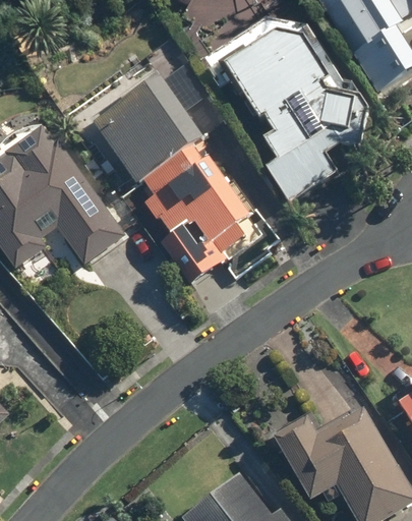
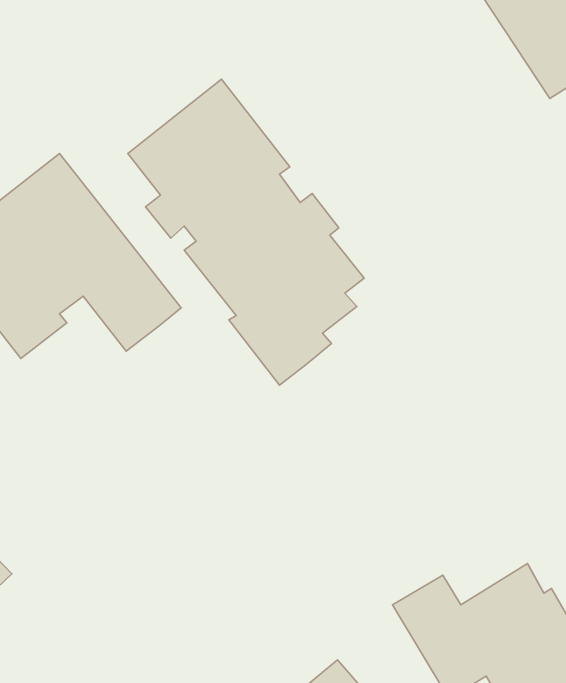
building: [221,31,374,199] -> none

